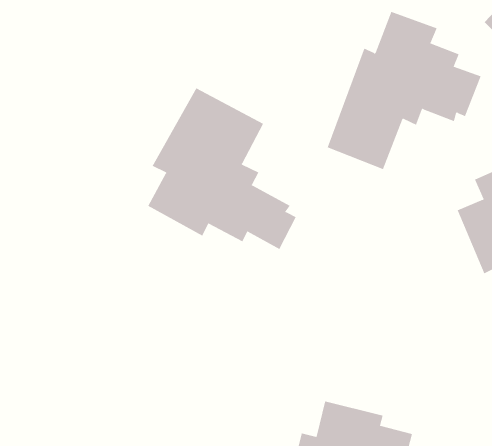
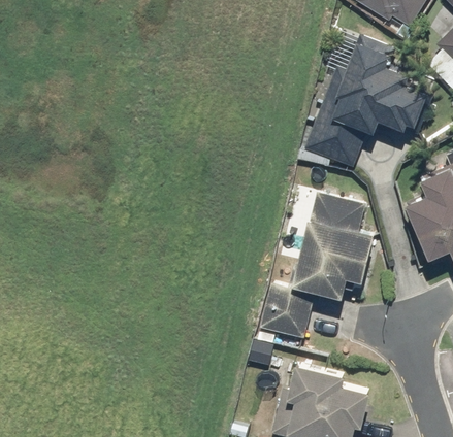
building: [147,87,297,250] -> none
building: none -> [257,196,379,340]

